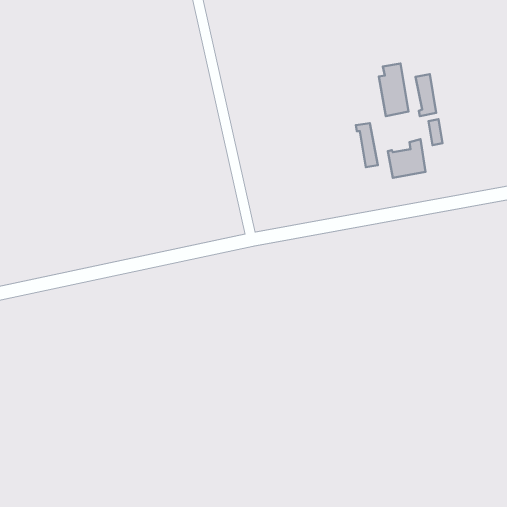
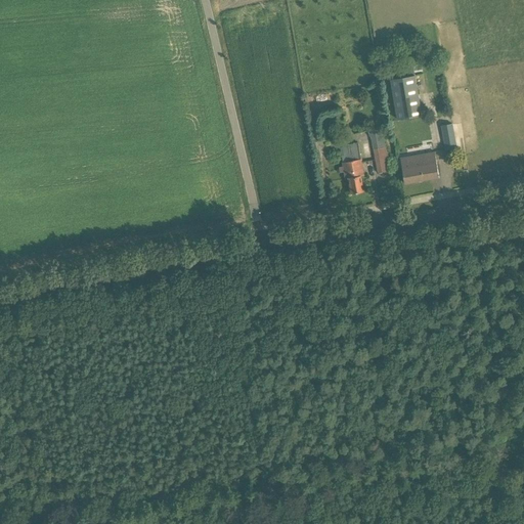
building: [416,74,436,116] -> none
building: none -> [339,142,363,193]

